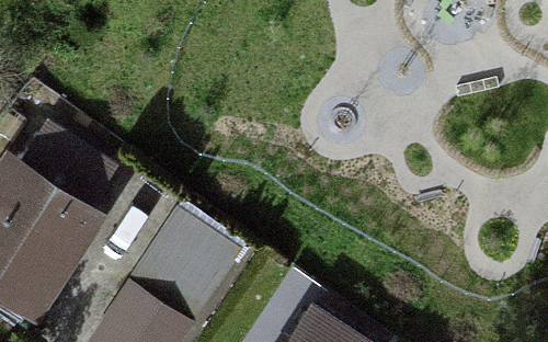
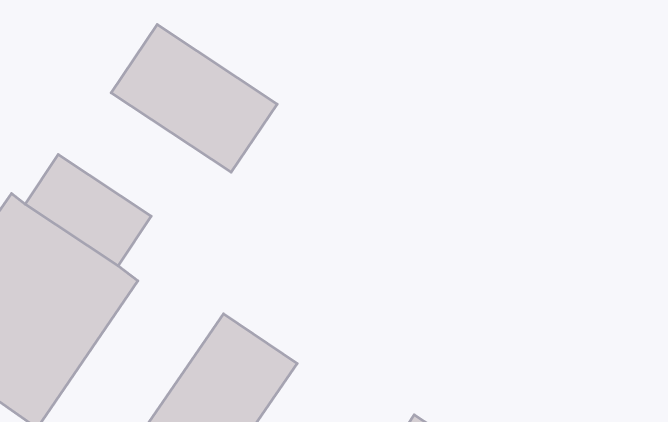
building: none -> [111,25,277,172]

